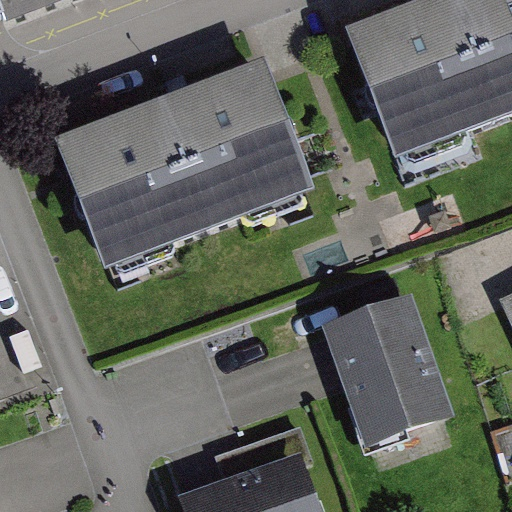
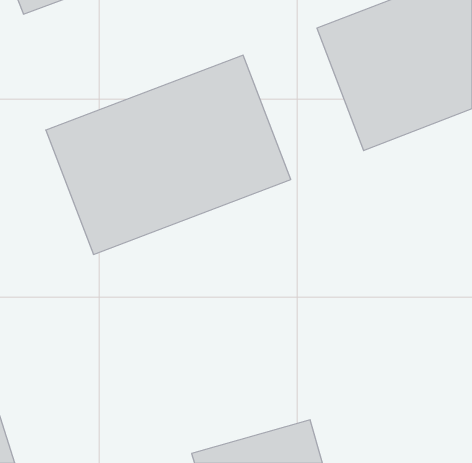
building: [342,288,470,435] -> none

